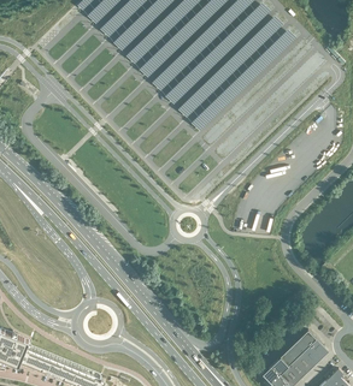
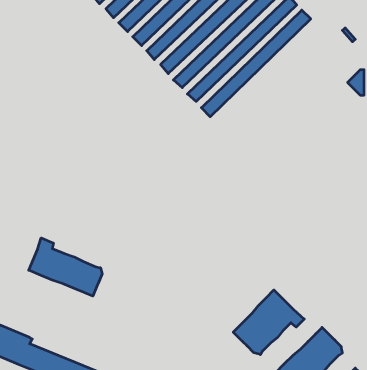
building: none -> [29,238,102,296]
building: none -> [233,290,304,355]

